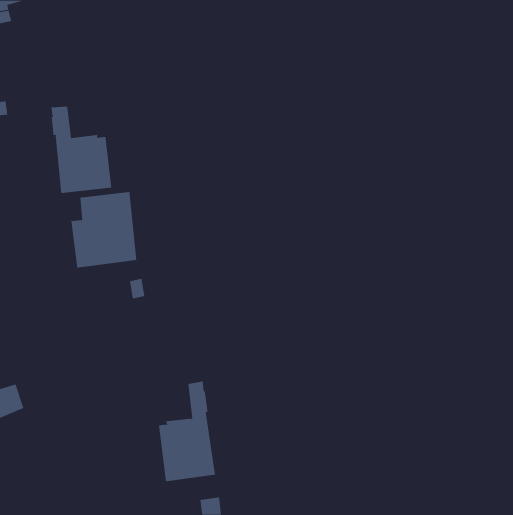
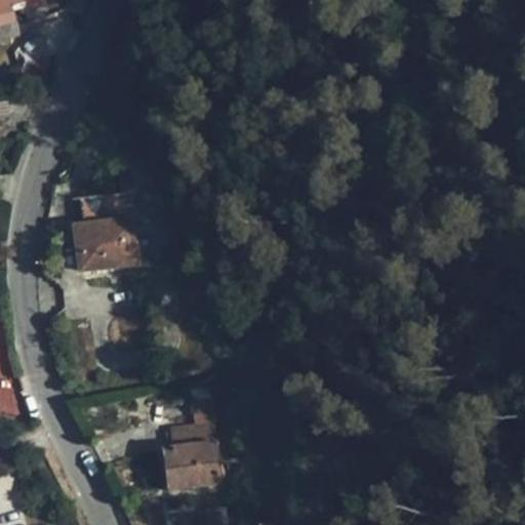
building: [51,106,112,194] -> none

